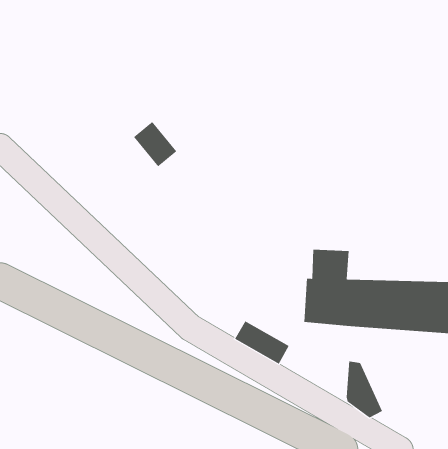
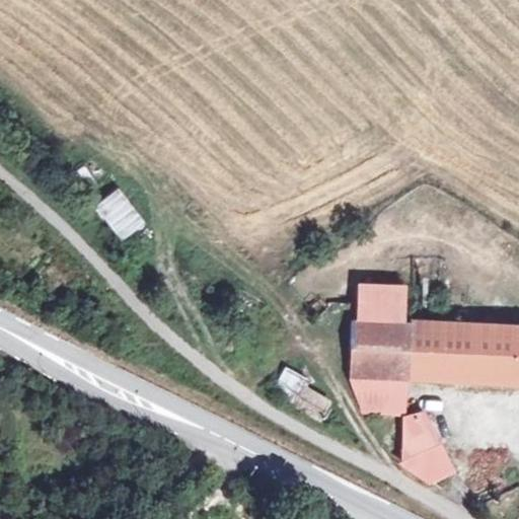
building: [133,121,177,167] -> [96,187,147,239]
building: none -> [352,372,405,415]

